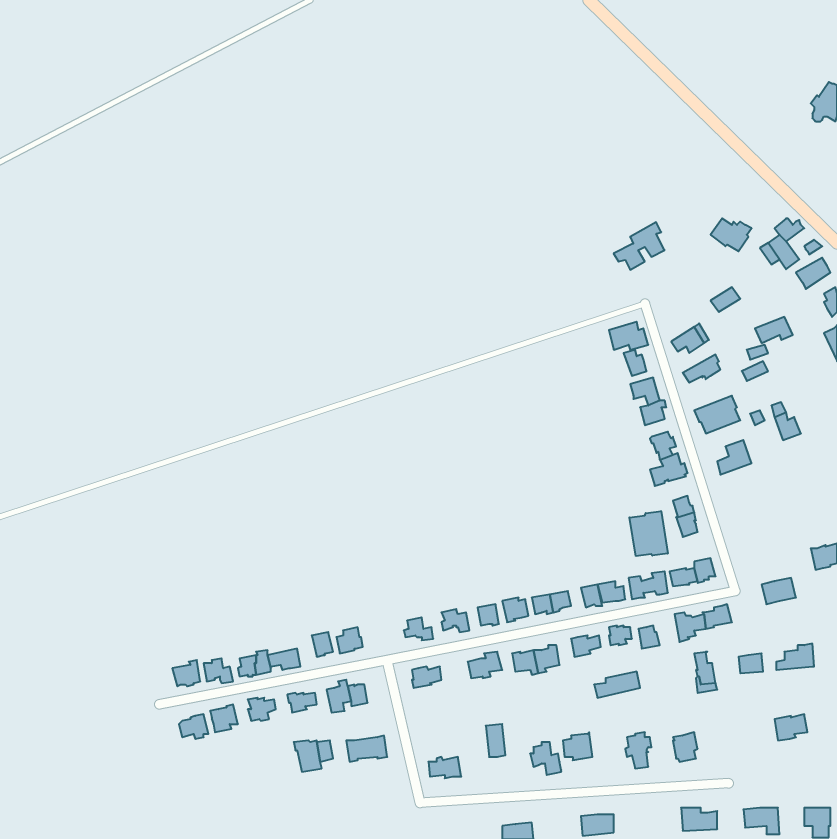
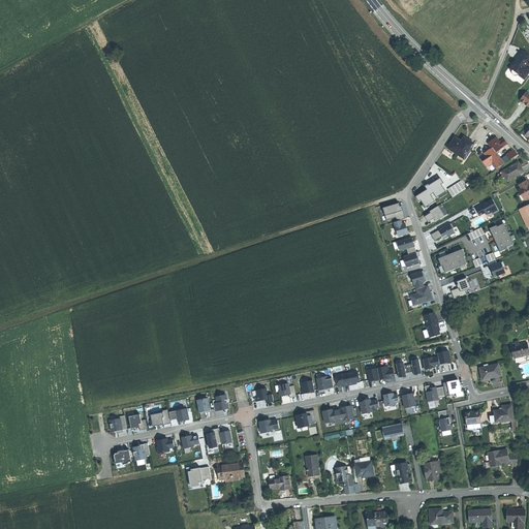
building: [614,222,665,270] -> [415,177,447,207]
building: none -> [489,223,512,252]
building: [629,511,668,556] -> none

